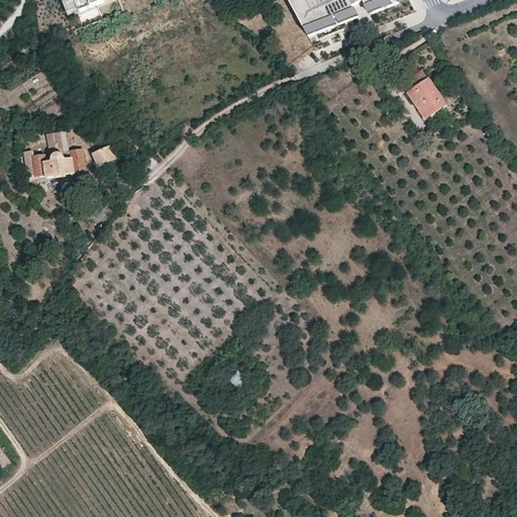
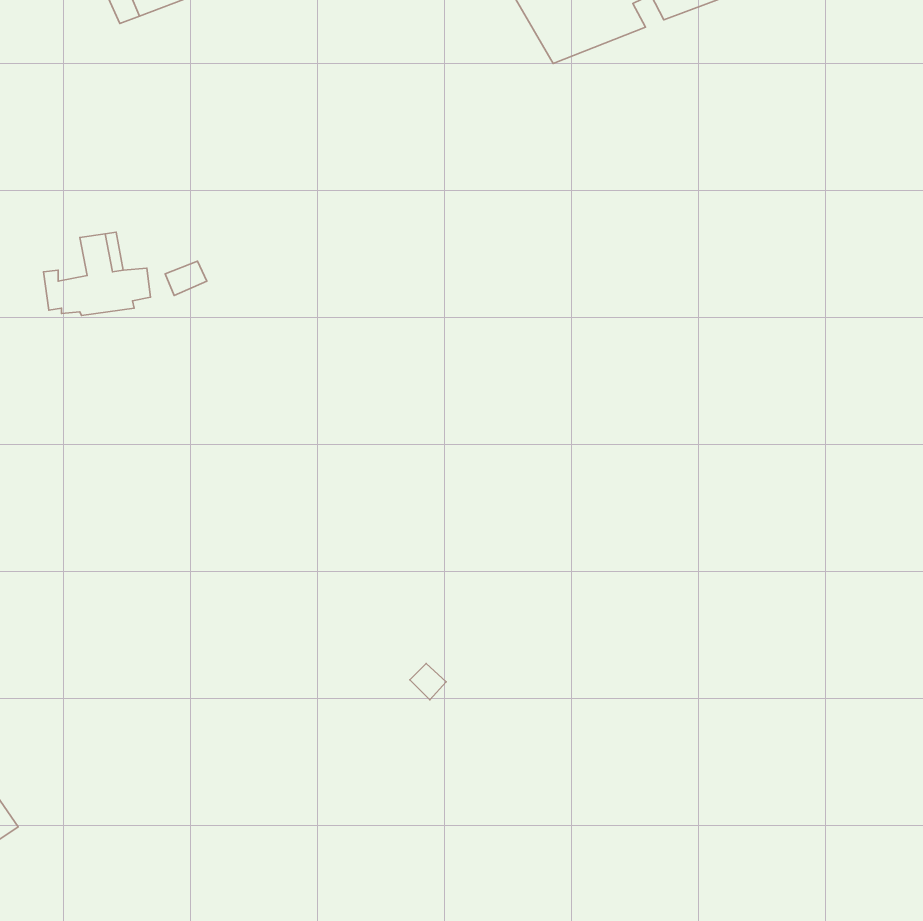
building: [401,68,445,117] -> none

